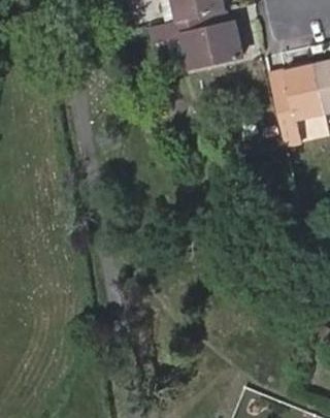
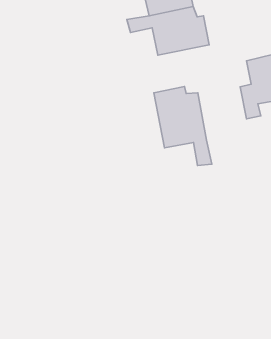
building: none -> [154,87,212,166]

